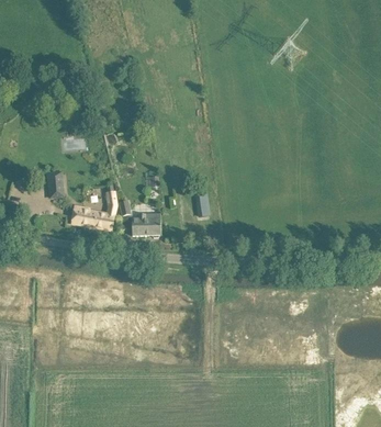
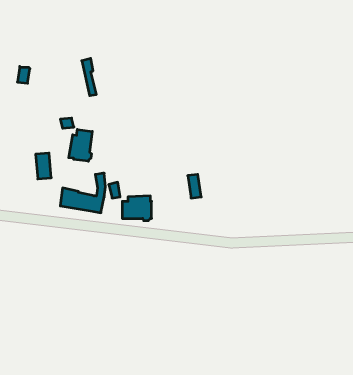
building: none -> [69,129,92,161]

